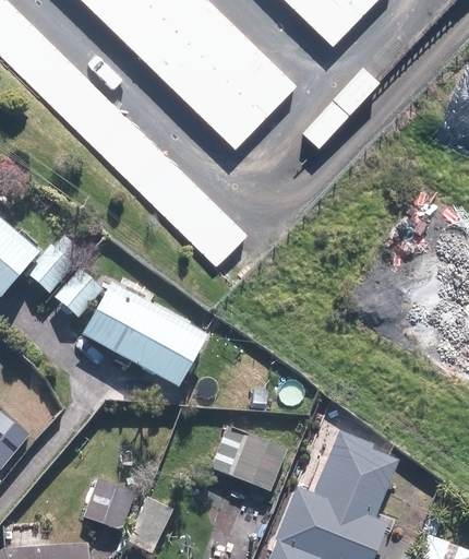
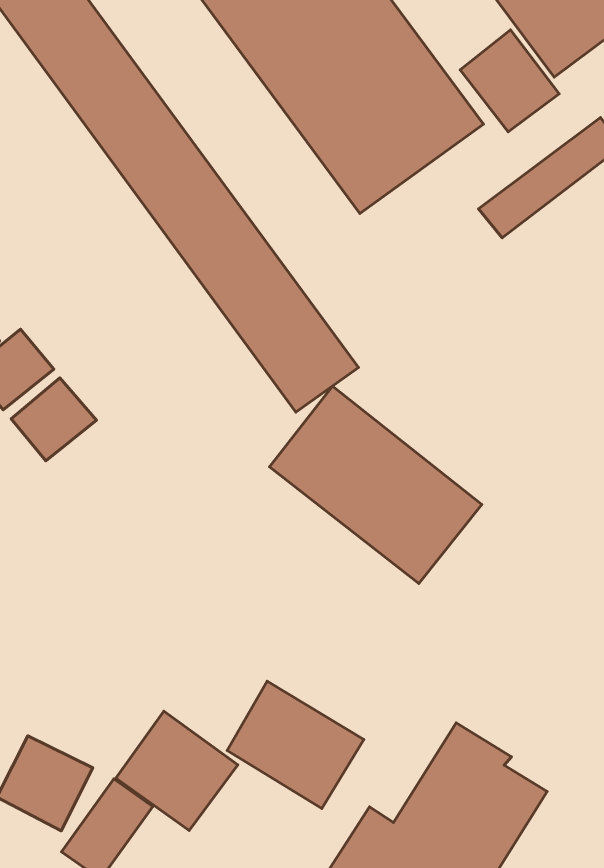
building: none -> [460,30,559,132]
building: [82,284,207,389] -> [269,386,482,583]
building: none -> [116,711,238,831]

